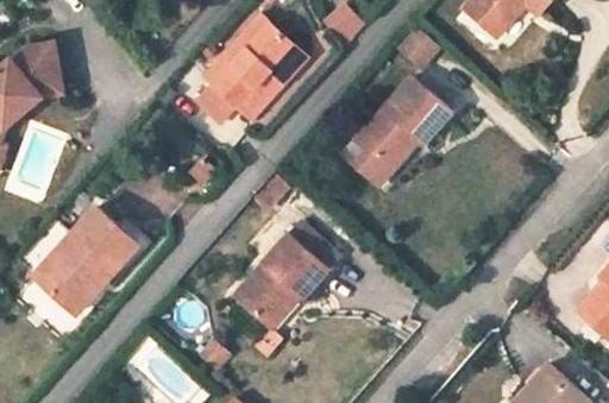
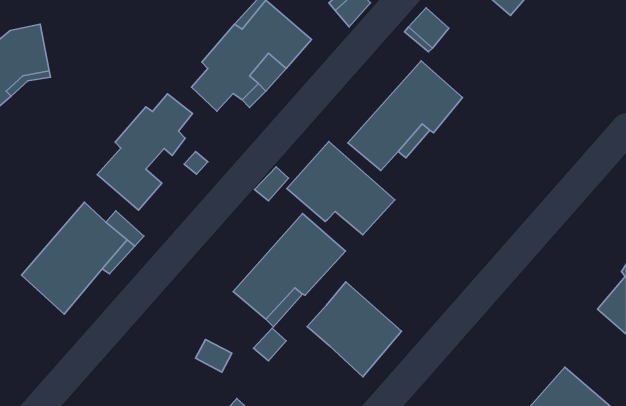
building: none -> [97,94,193,210]
building: none -> [287,141,395,235]
building: none -> [307,282,402,377]

